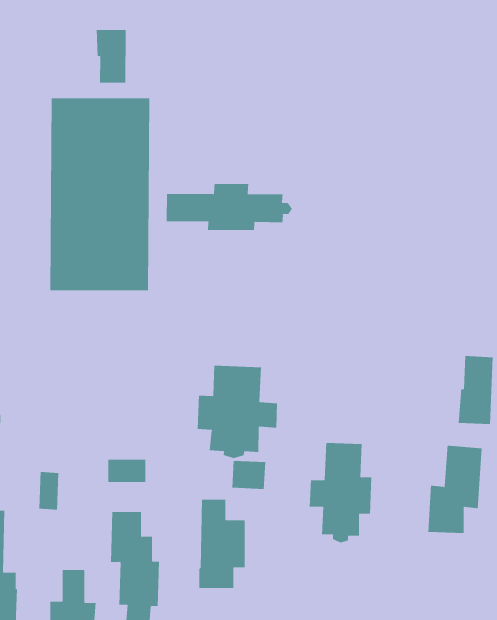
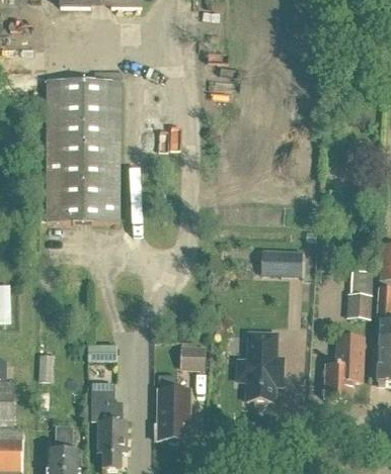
building: [96,29,126,83] -> none
building: [166,183,292,231] -> none
building: none -> [255,247,298,274]
building: [197,365,277,459] -> none

